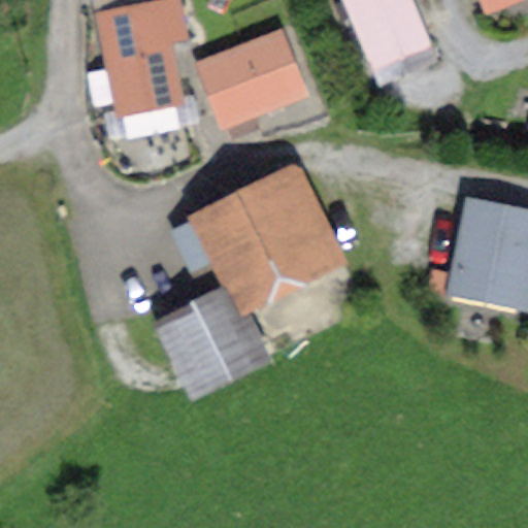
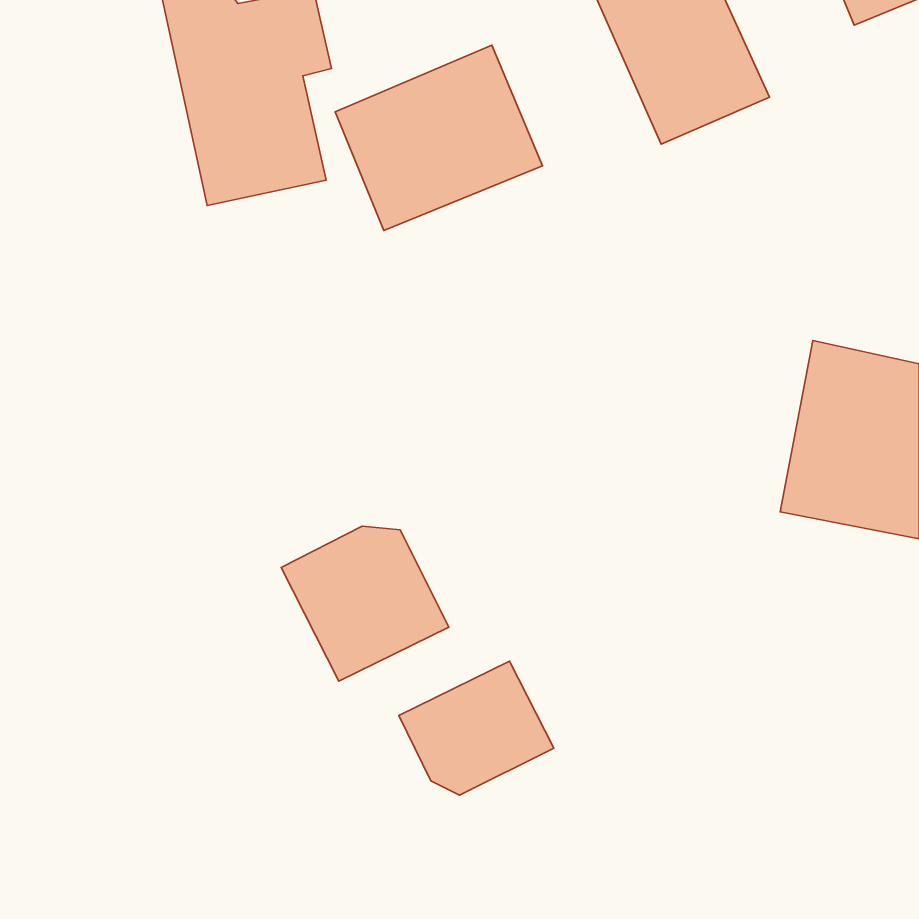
building: [180,180,332,294] -> none
building: none -> [399,661,554,795]

